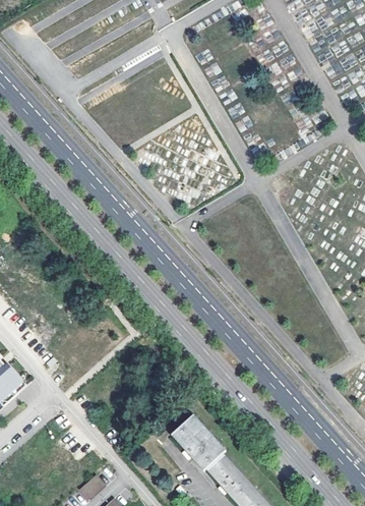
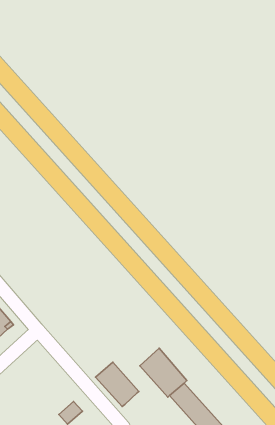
building: none -> [95,362,139,406]

